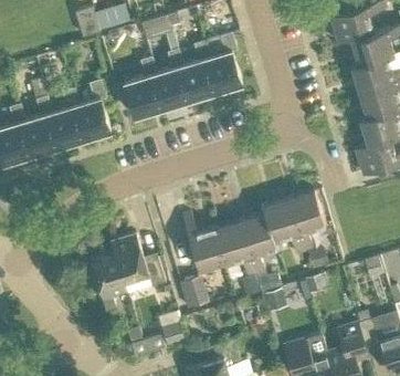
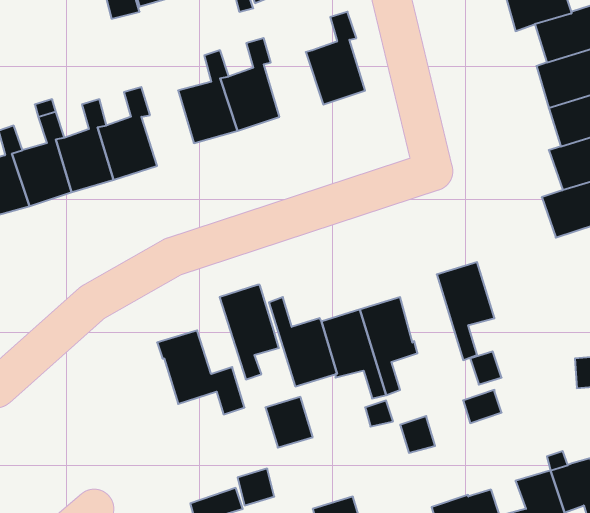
building: [178,41,215,100] -> none
building: [262,199,304,255] -> none
building: [90,252,127,312] -> [220,285,279,379]

